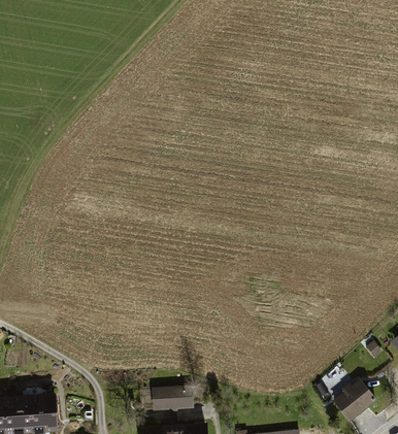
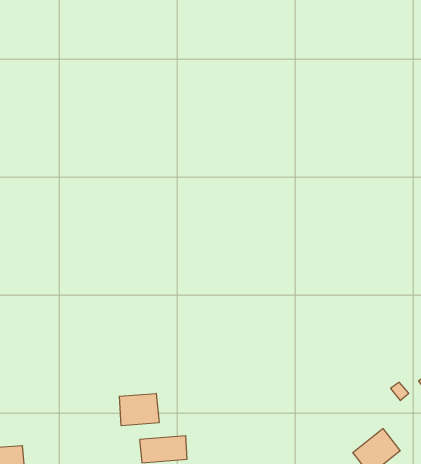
building: none -> [119,393,159,426]

